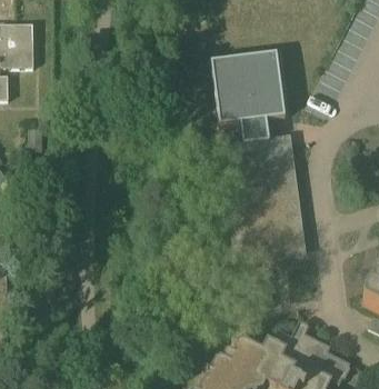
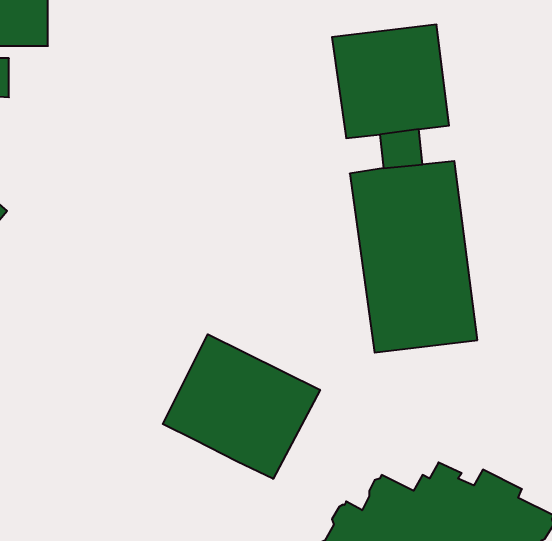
building: none -> [163,334,320,479]

